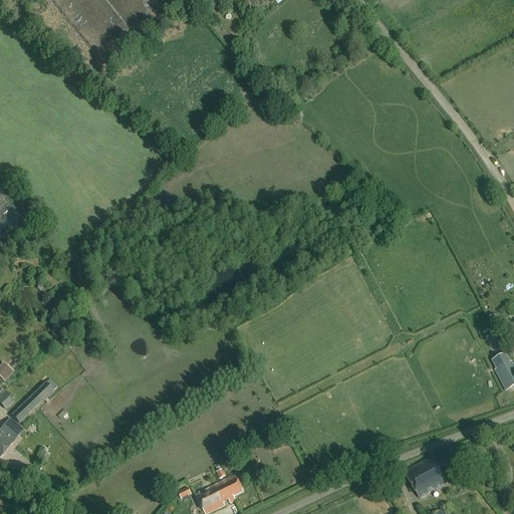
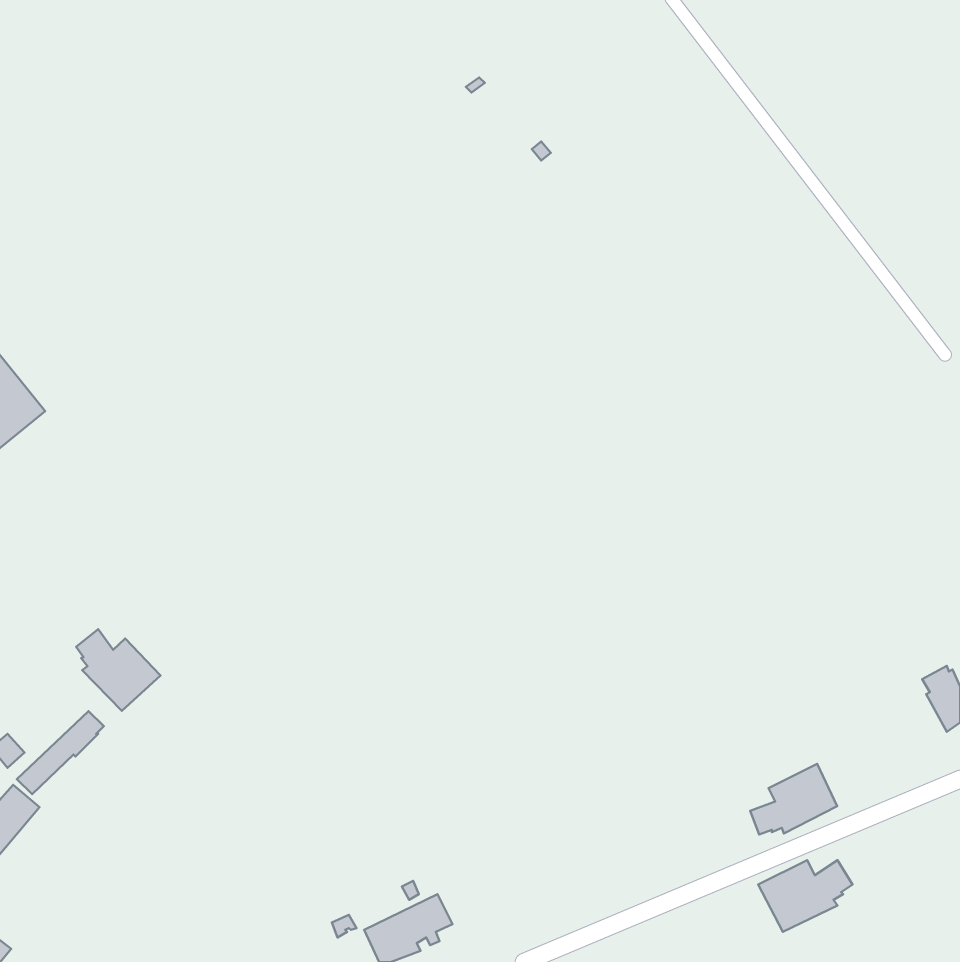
building: none -> [76,629,160,711]
building: none -> [750,764,837,834]

